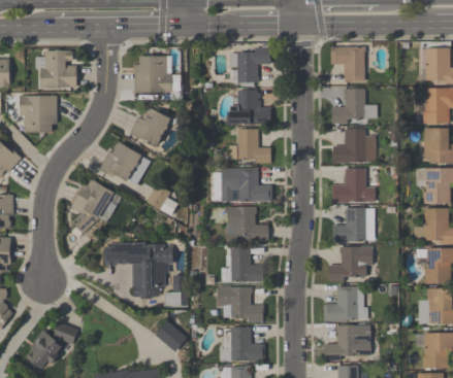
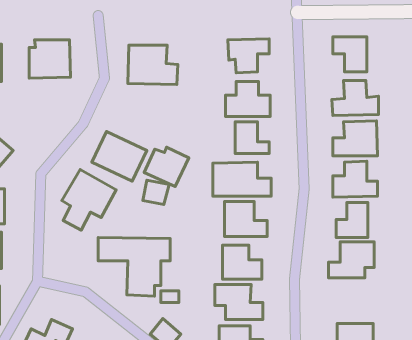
building: [19,95,58,132] -> none
building: [129,108,172,146] -> [144,147,189,186]
building: [324,286,367,320] -> none

